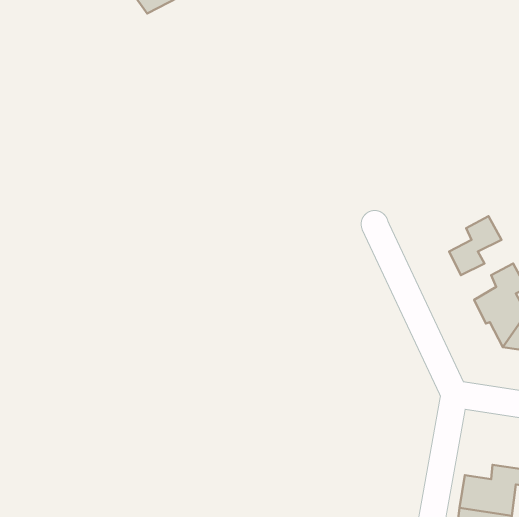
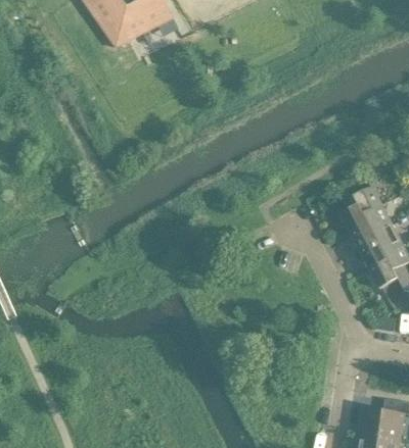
building: none -> [343,185,383,232]
building: none -> [362,222,403,269]

